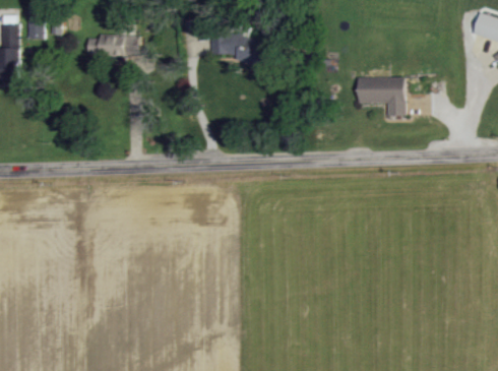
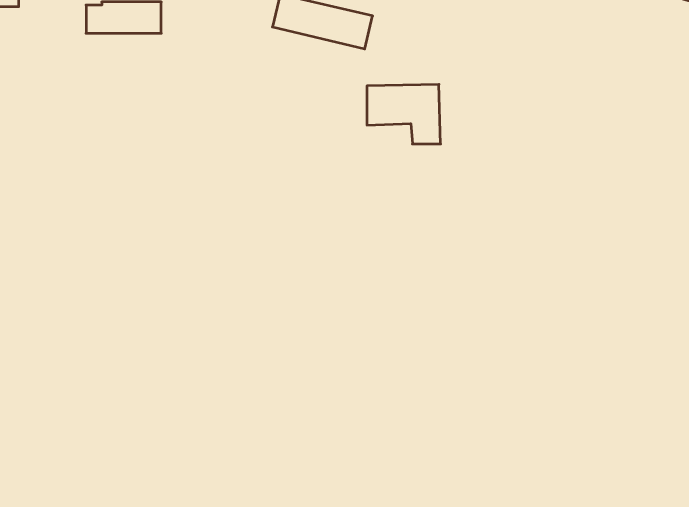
building: [358,76,406,115] -> [367,84,441,144]

